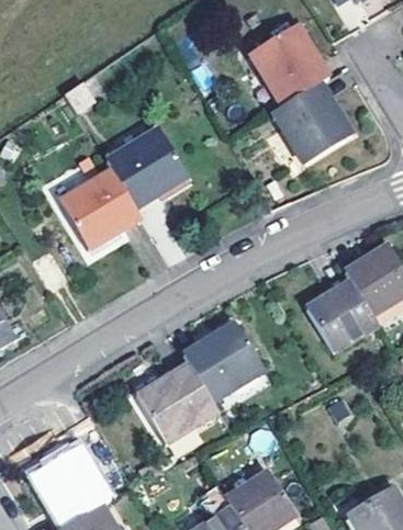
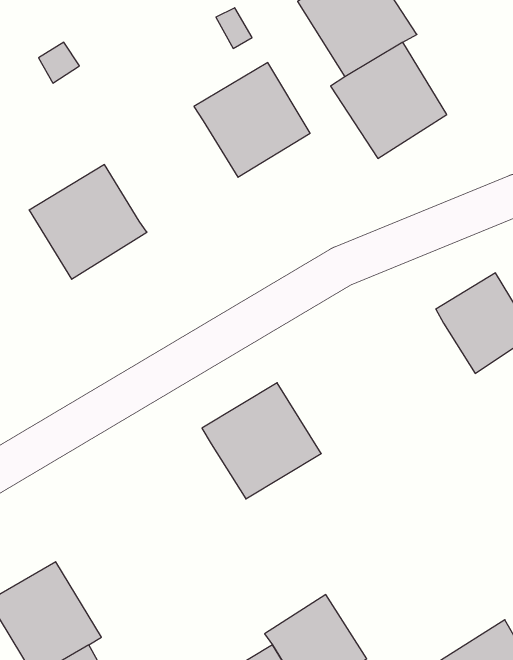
building: [107,128,188,208] -> [194,63,310,177]
building: [309,280,378,351] -> none
building: [137,364,217,442] -> none

